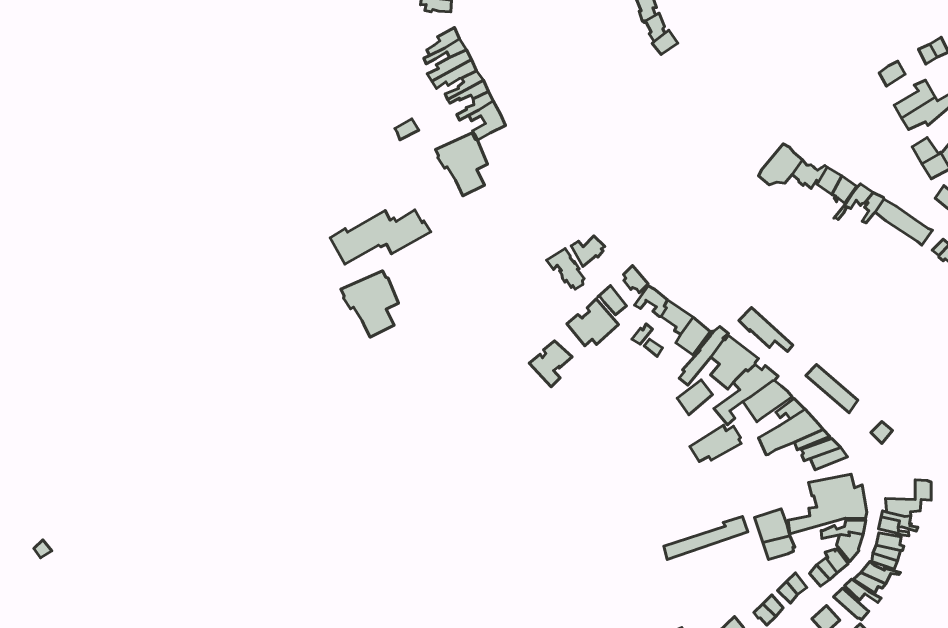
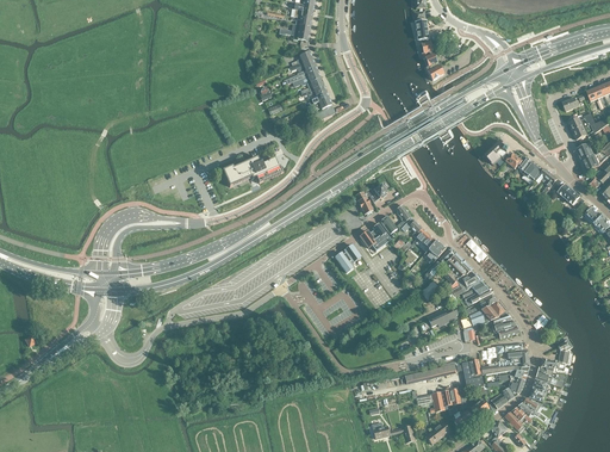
building: [435,133,487,196] -> none
building: [341,271,398,337] -> none
building: none -> [416,386,466,410]

